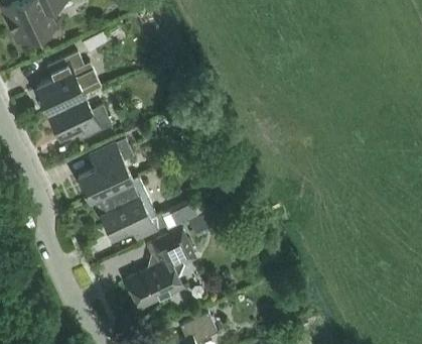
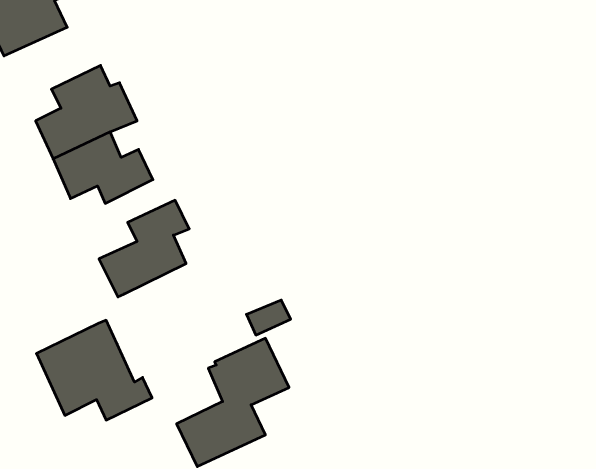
building: [93,178,166,241] -> [36,320,152,420]

